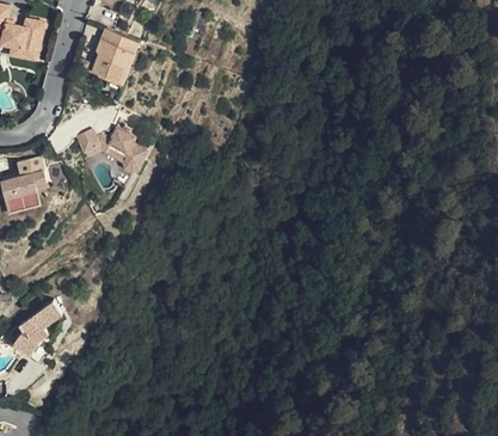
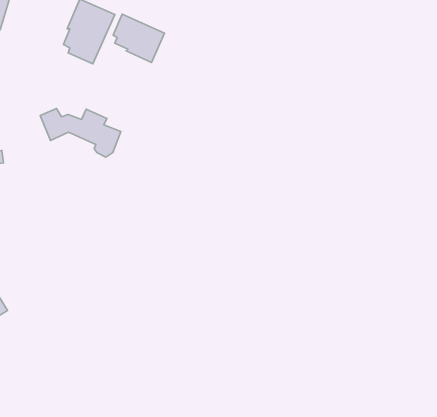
building: none -> [113,14,165,63]

